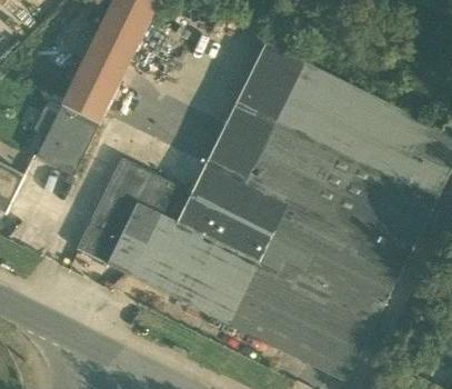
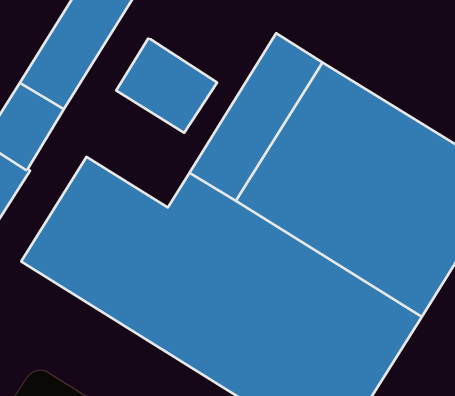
building: none -> [116,39,217,133]

